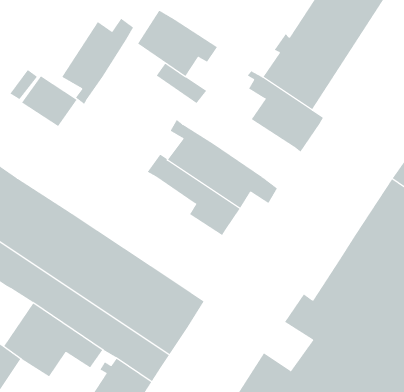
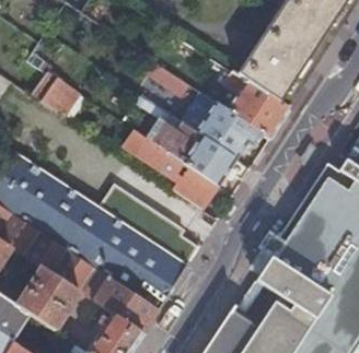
building: [137,10,218,77] -> [194,102,263,158]
building: [62,18,134,105] -> none

